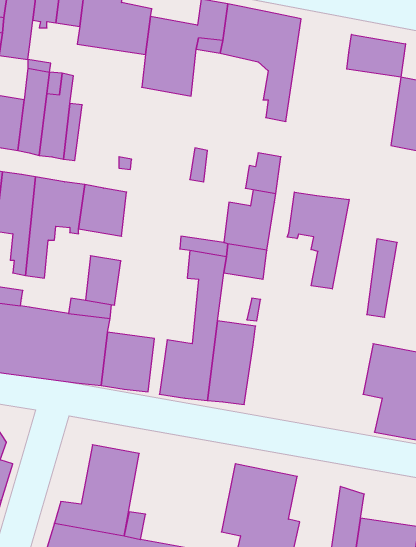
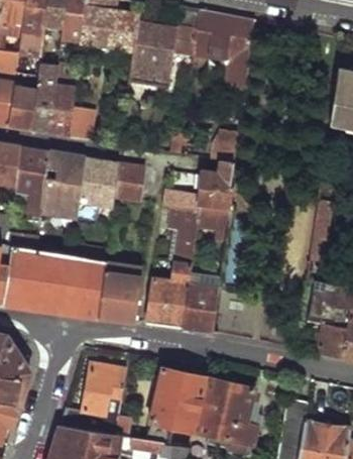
building: [347,34,405,77] -> none
building: [287,192,349,289] -> none
building: [85,256,121,305] -> [114,161,142,201]
building: none -> [149,368,205,433]

